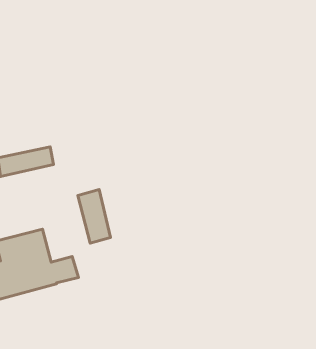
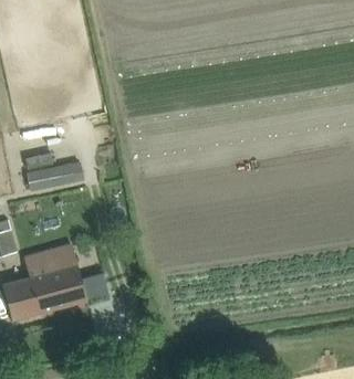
building: [78,189,111,243] -> none

